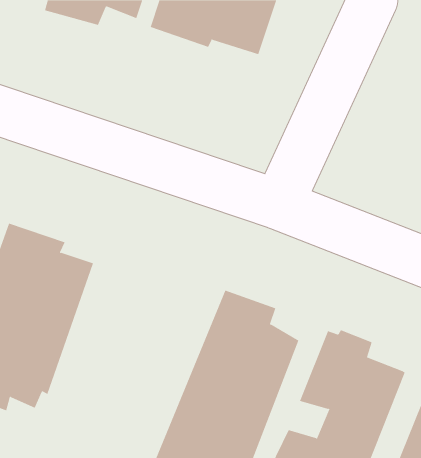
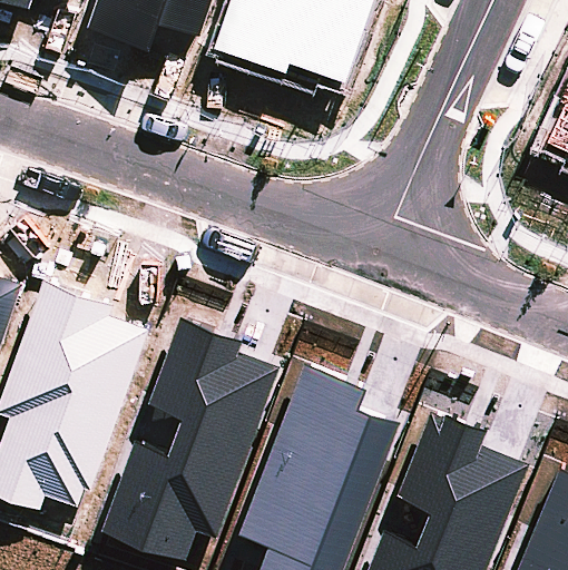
building: none -> [100,317,277,563]

